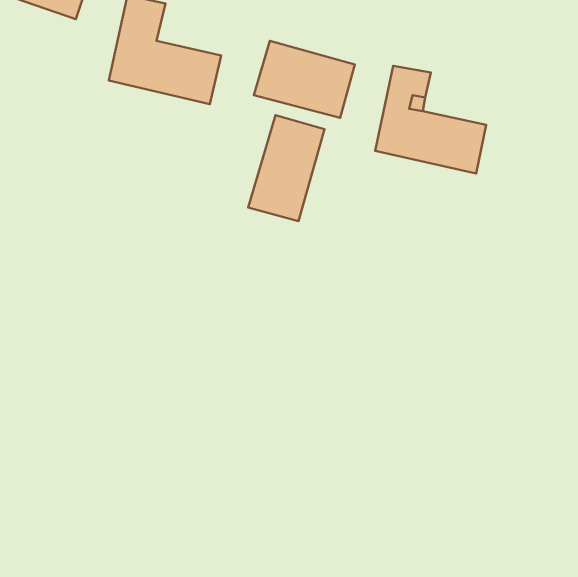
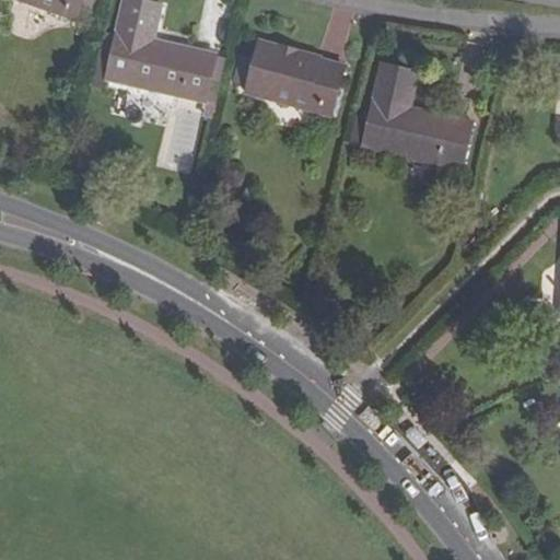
building: [248,115,324,221] -> none

